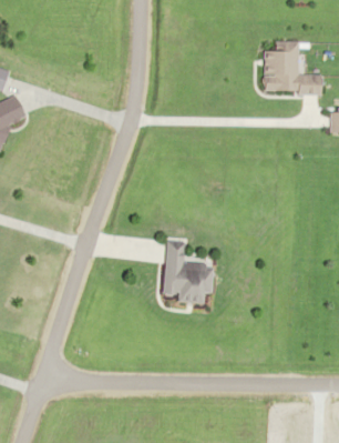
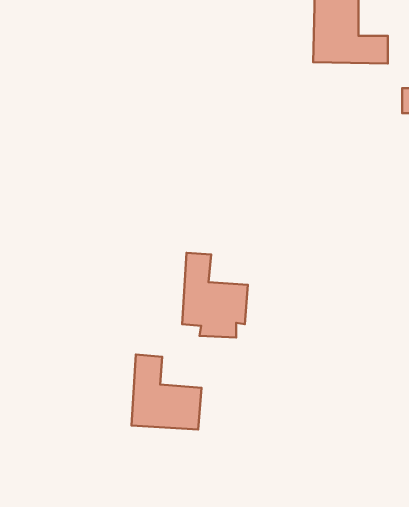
building: none -> [132,355,202,430]

